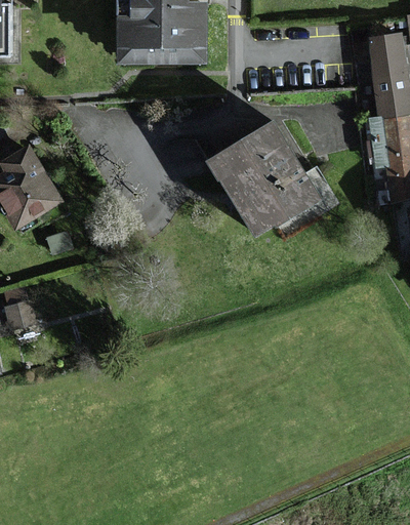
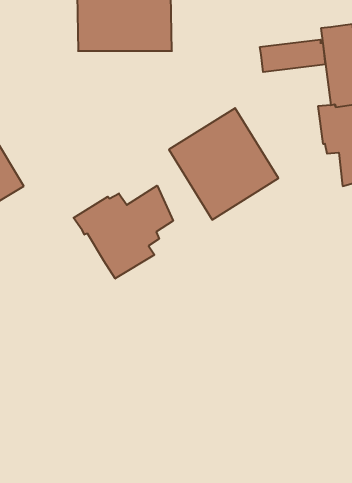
building: none -> [260,40,325,72]
building: none -> [74,186,173,279]

